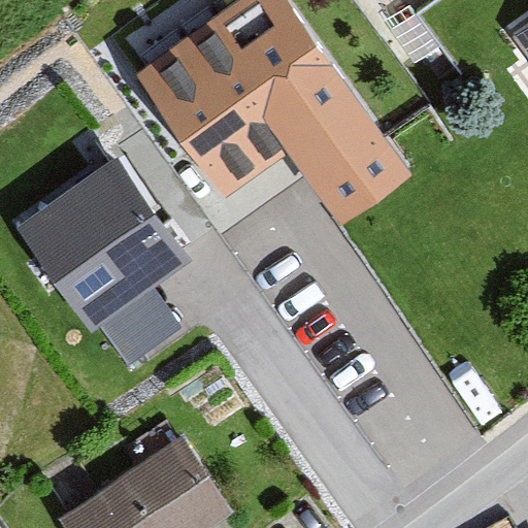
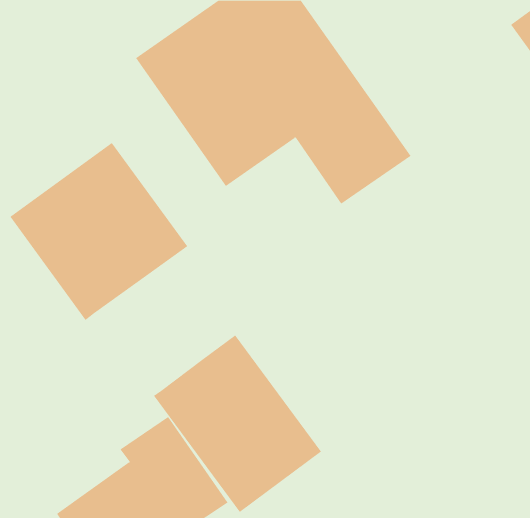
building: [95,287,184,374] -> none
building: none -> [153,335,322,513]

